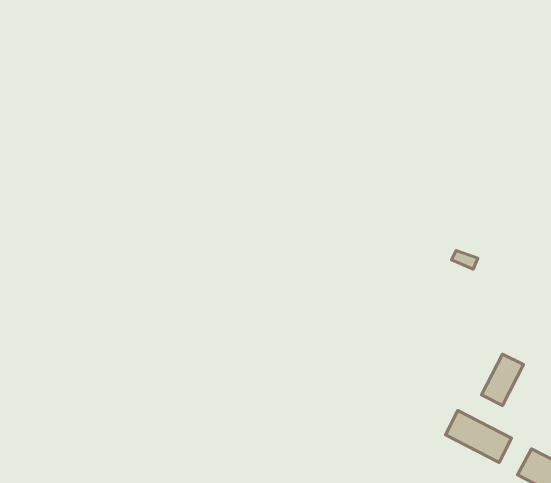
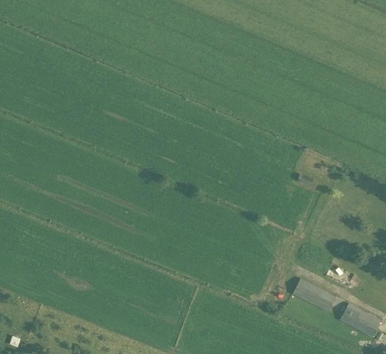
building: [481,354,524,405] -> none

